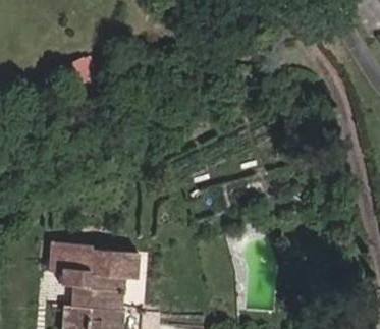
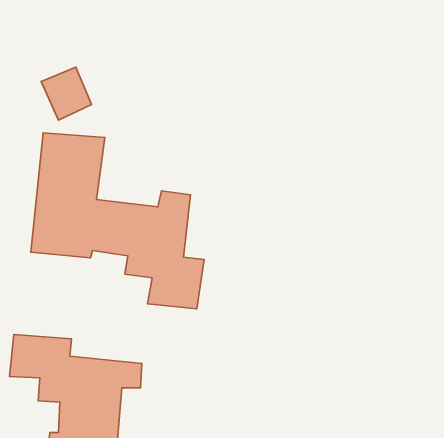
building: none -> [31,133,204,309]

